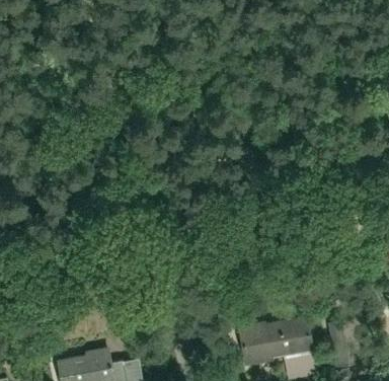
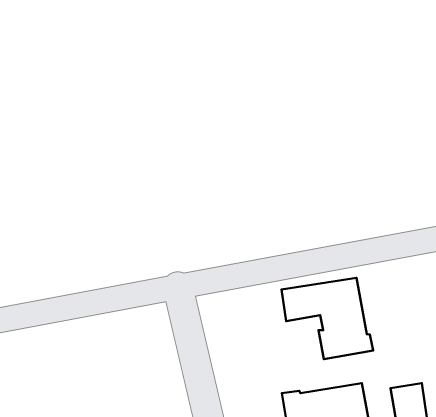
building: none -> [281,278,373,359]

